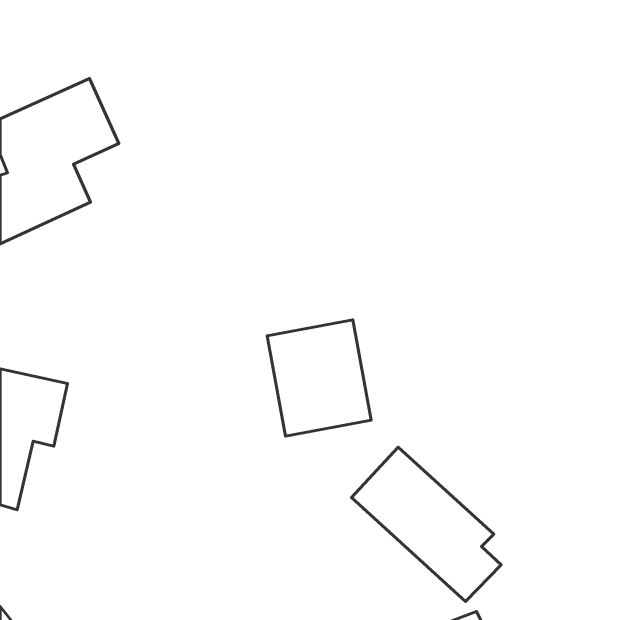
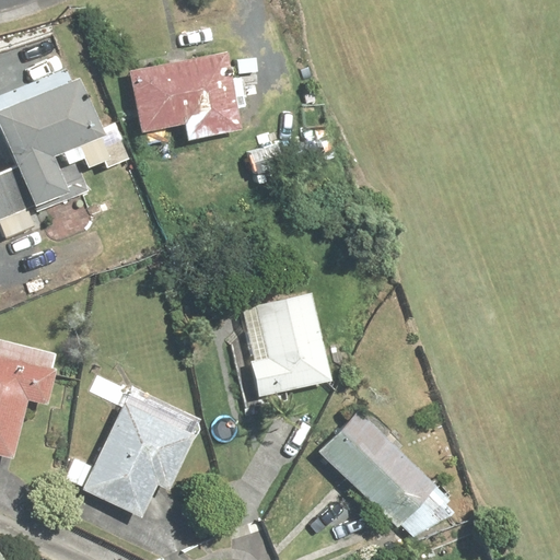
building: none -> [128,52,241,142]
building: none -> [81,397,198,515]

